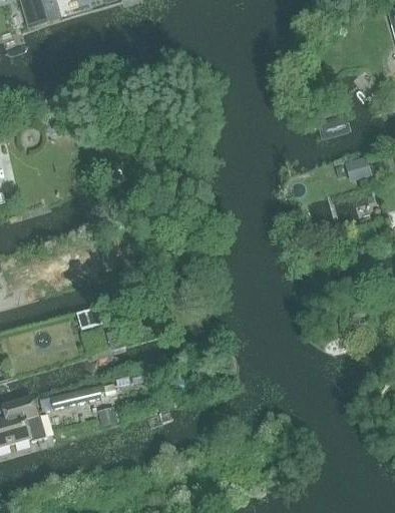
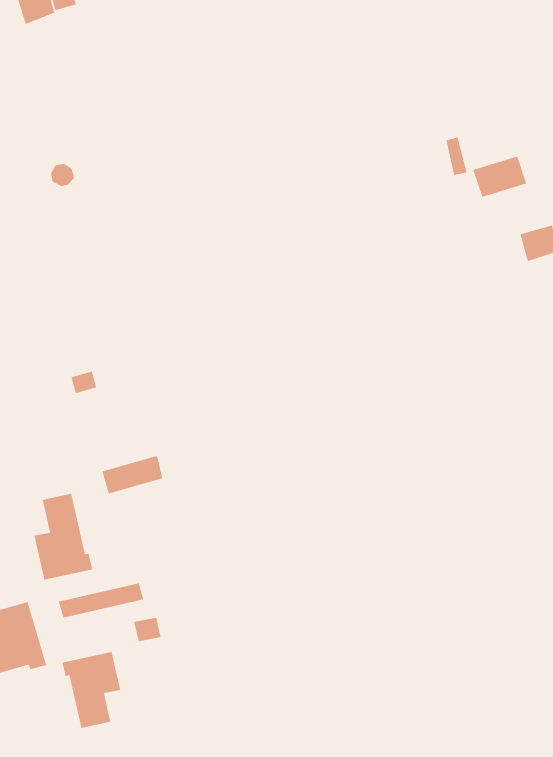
building: none -> [34,493,93,580]
building: none -> [62,651,121,729]

